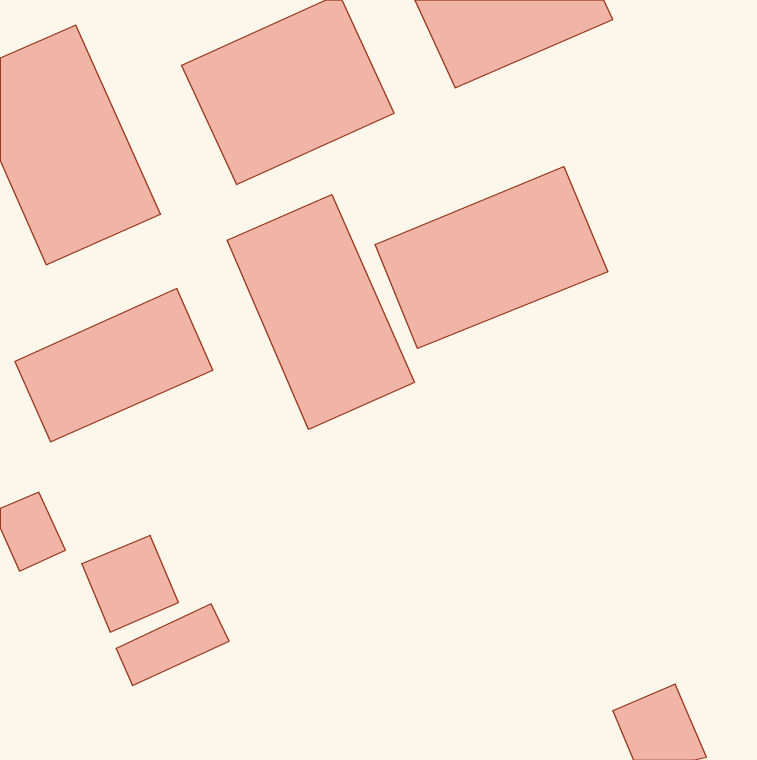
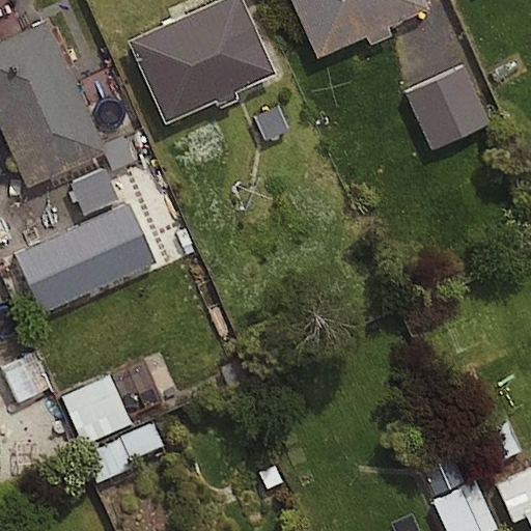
building: none -> [404,57,483,143]
building: [375,167,608,348] -> none
building: [227,195,415,429] -> none

